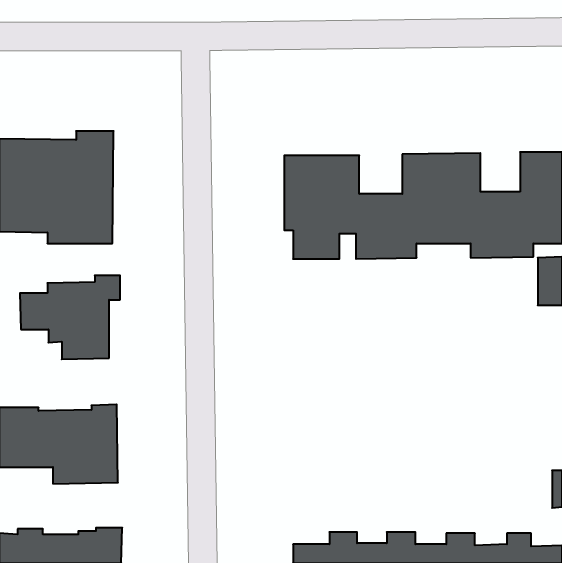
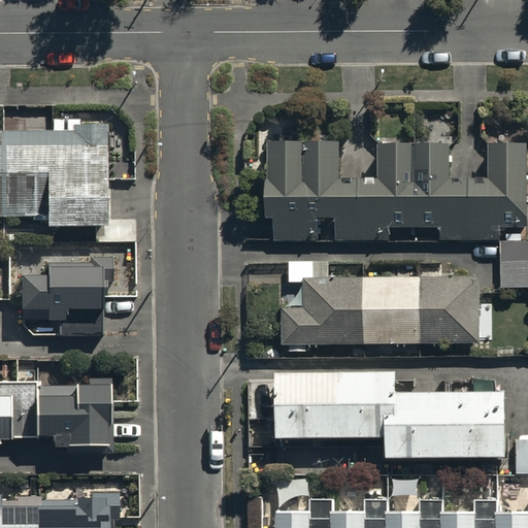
building: none -> [282,277,477,344]
building: none -> [274,371,504,458]

